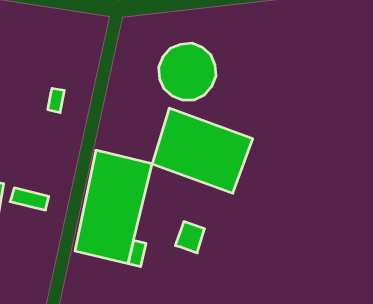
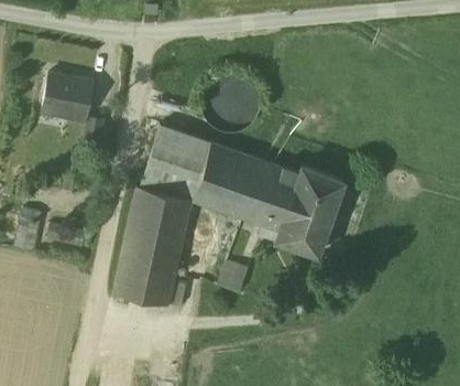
building: none -> [41,76,94,125]
building: none -> [140,125,212,201]
building: none -> [276,165,346,256]

